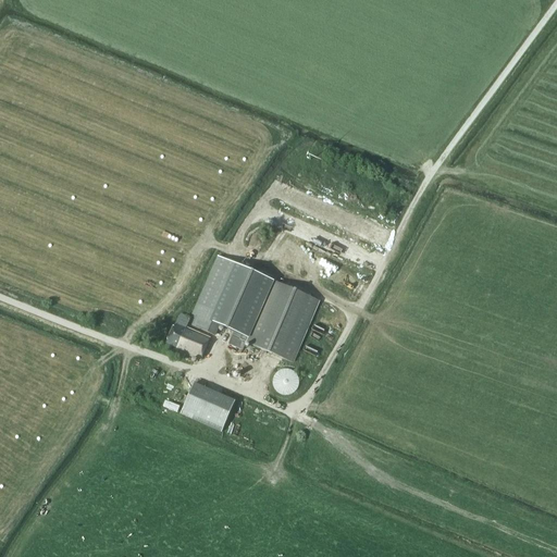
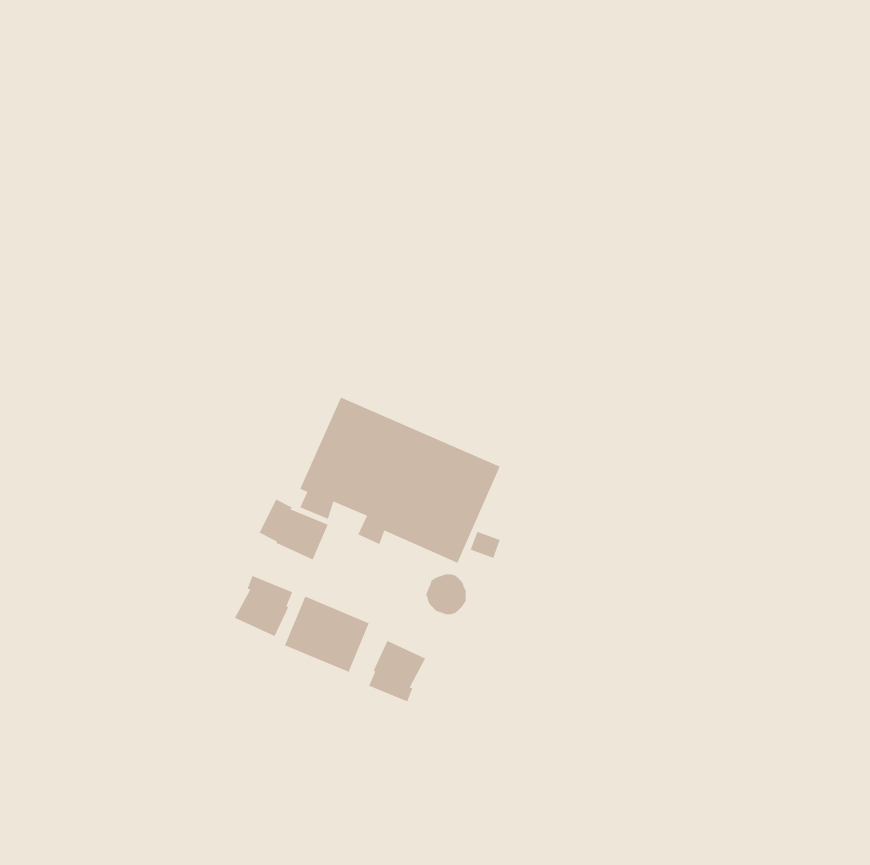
building: none -> [234,575,293,637]
building: none -> [369,640,426,702]

